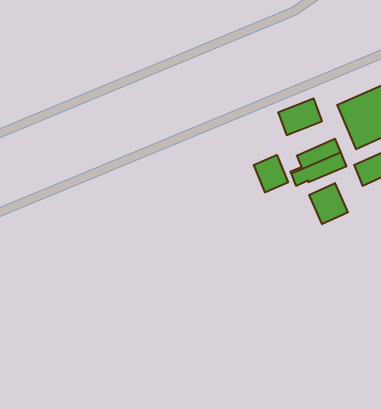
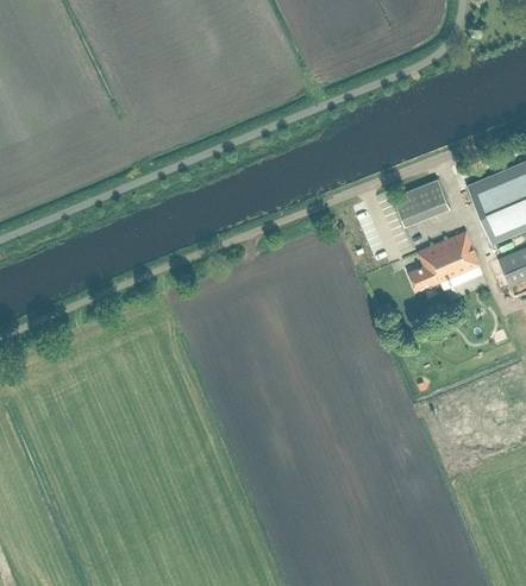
building: [254,155,288,192] -> none
building: [309,183,348,224] -> none

